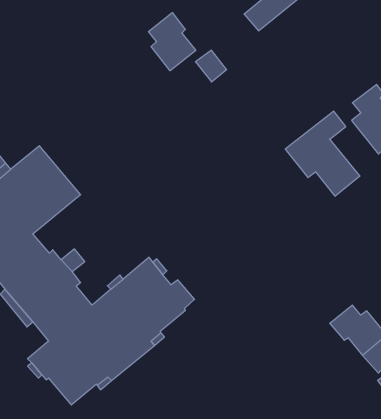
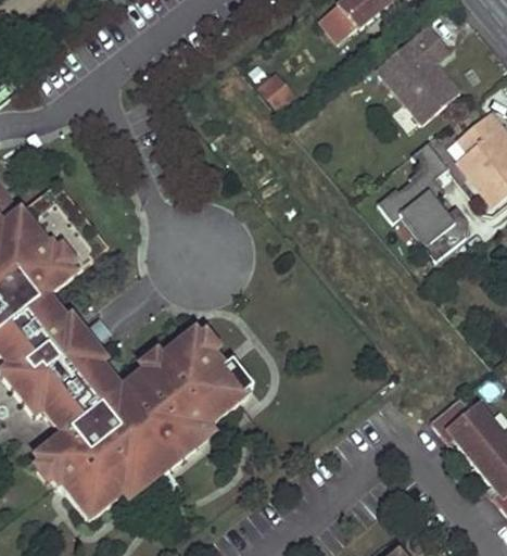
building: [149,13,196,71] -> none
building: none -> [377,22,460,121]

